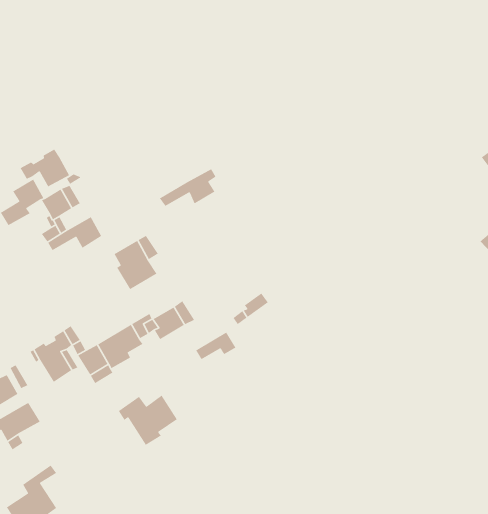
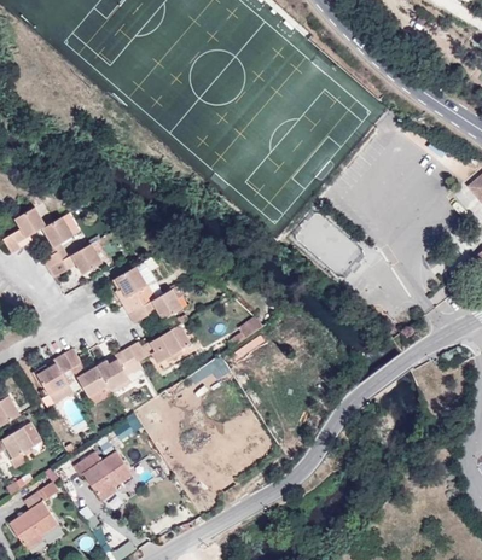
building: [19,149,70,187] -> none
building: [159,168,217,207] -> [129,285,185,322]
building: [118,394,178,446] -> [75,450,133,500]

